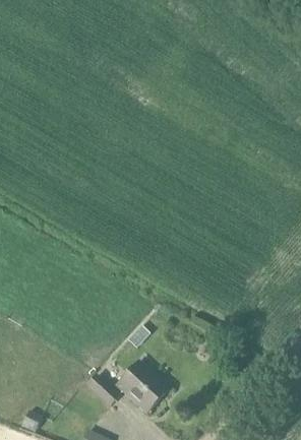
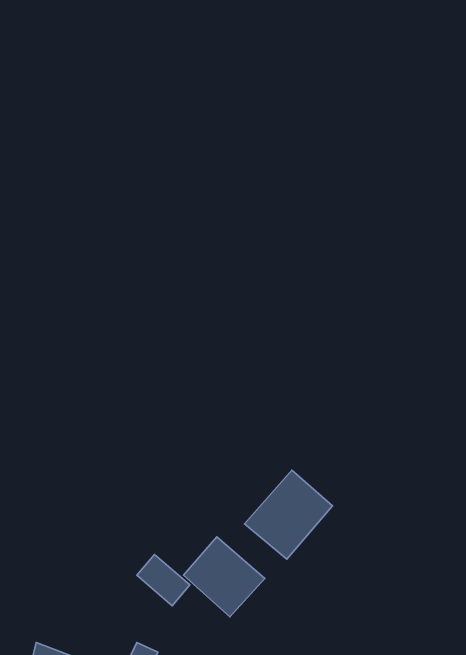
building: none -> [244,470,333,559]

